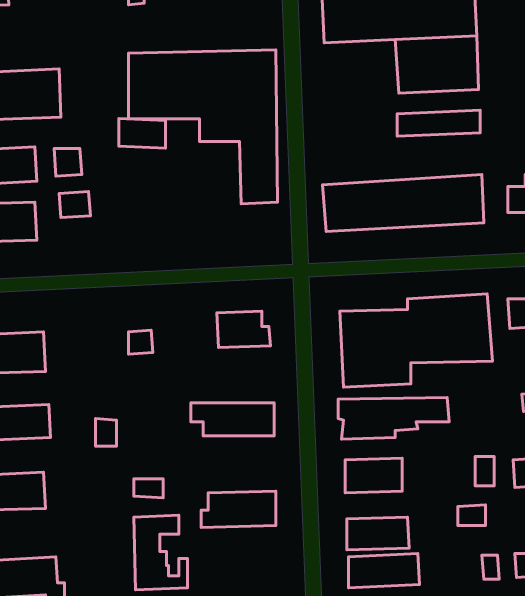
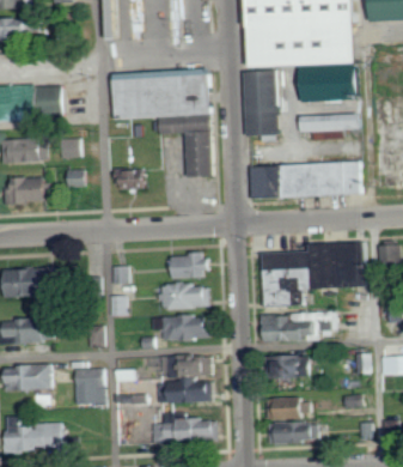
building: none -> [238,71,274,135]
building: [119,119,165,148] -> [115,170,147,190]
building: none -> [159,283,210,309]
building: none -> [164,354,213,376]
building: none -> [75,368,104,404]
building: none -> [152,416,218,443]

